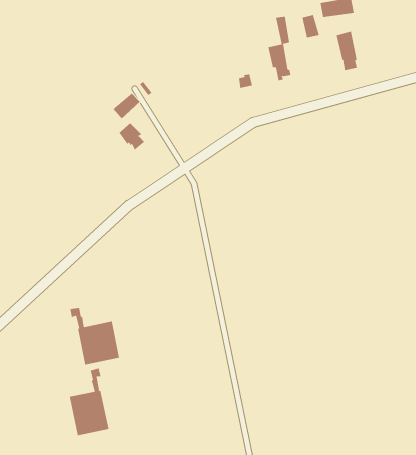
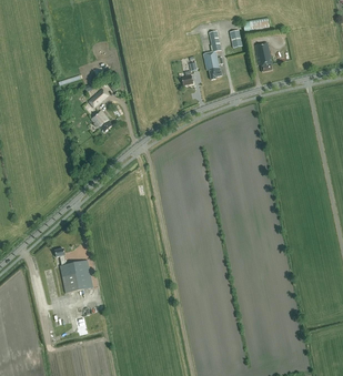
building: [69,368,109,436] -> none

